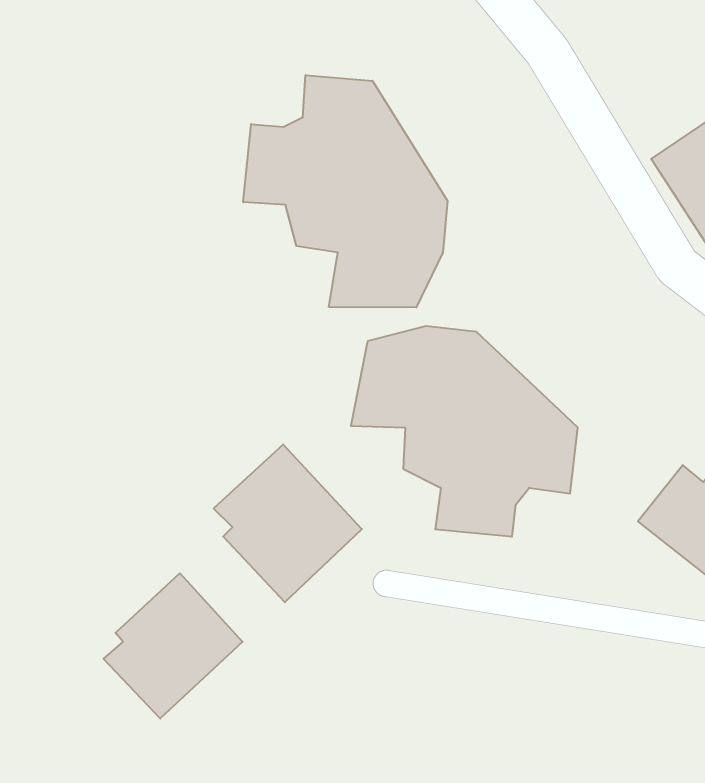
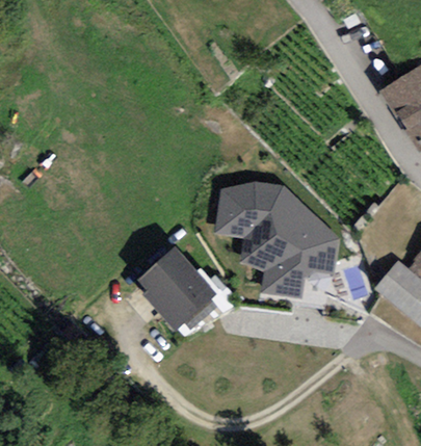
building: [243,75,447,307] -> none
building: [104,573,243,719] -> none

